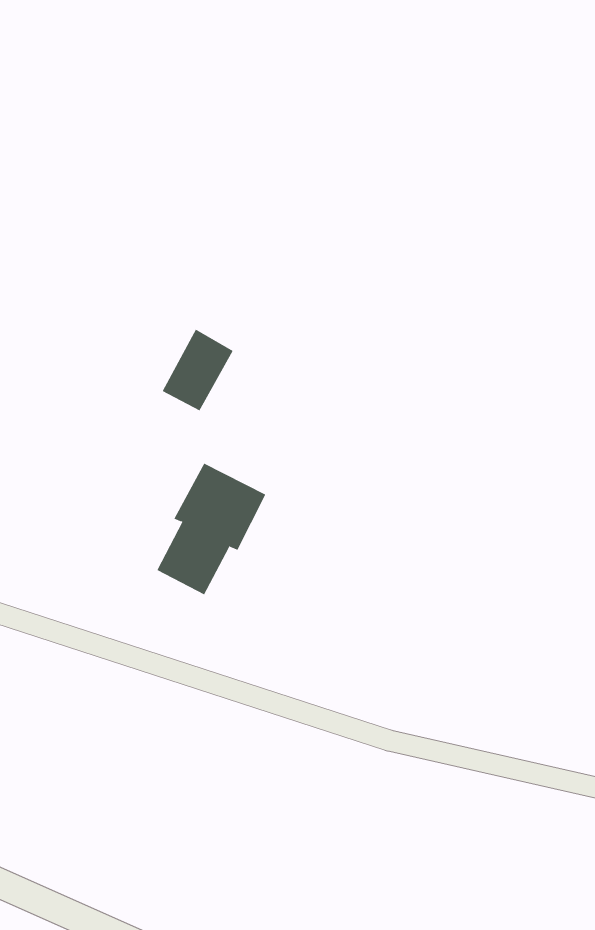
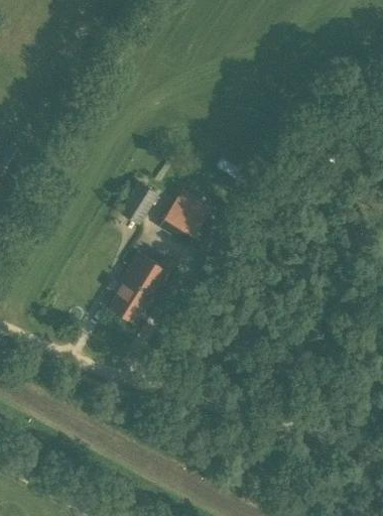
building: none -> [158,202,211,247]

